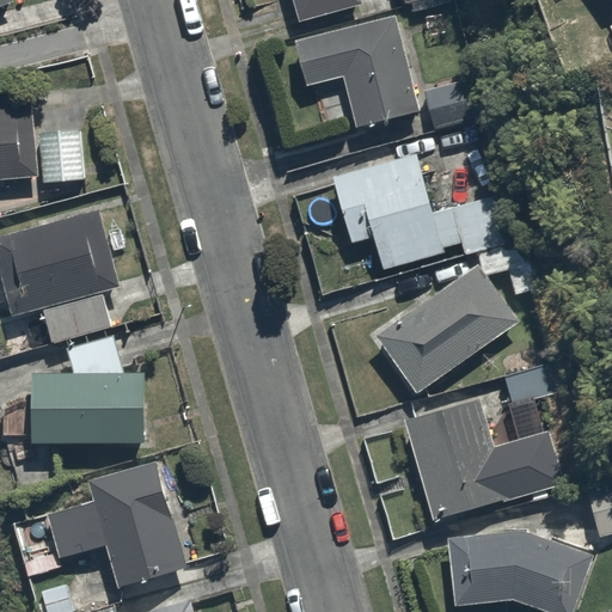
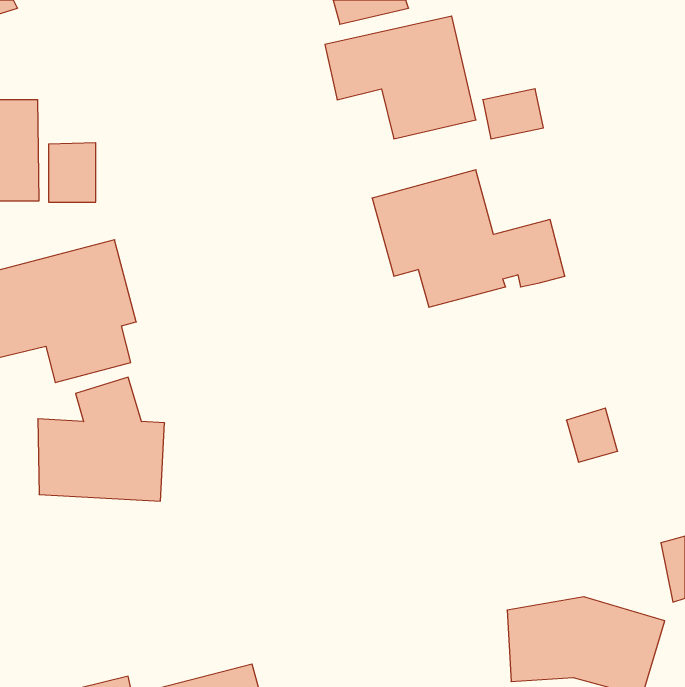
building: [371,251,515,394] -> none
building: [400,394,562,519] -> none
building: [41,467,191,588] -> none

